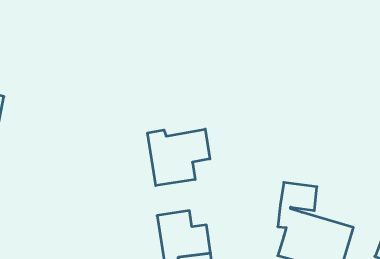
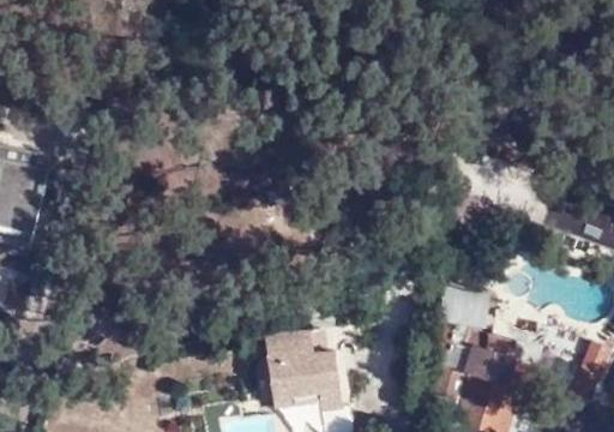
building: [148,129,210,186] -> none

